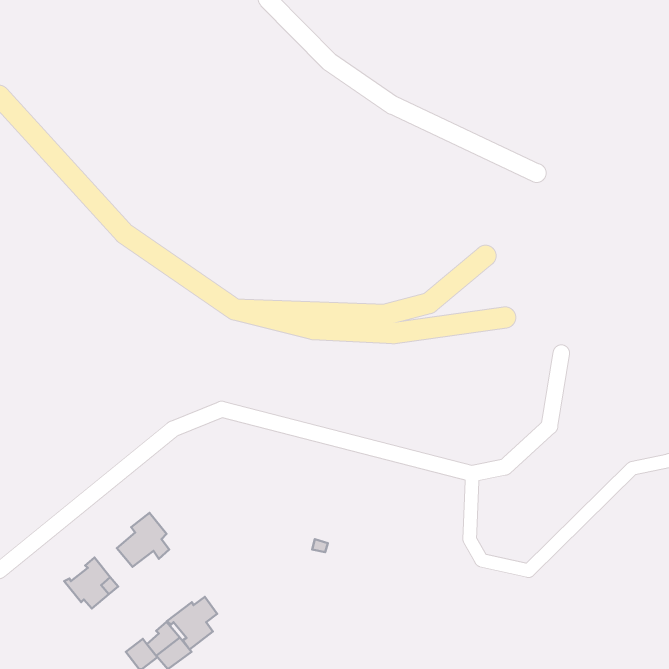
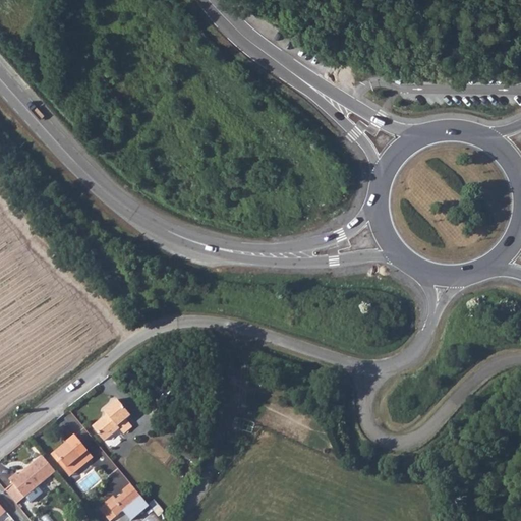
building: none -> [4,453,55,502]
building: [167,597,217,650] -> none

